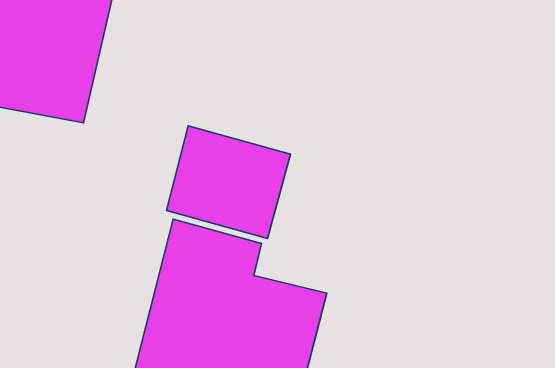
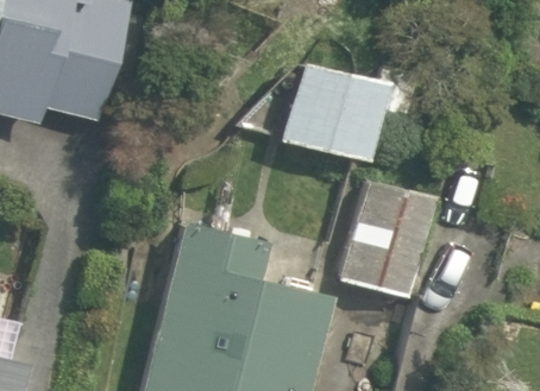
building: [166,126,291,239] -> [257,56,372,160]
building: none -> [333,159,433,297]

